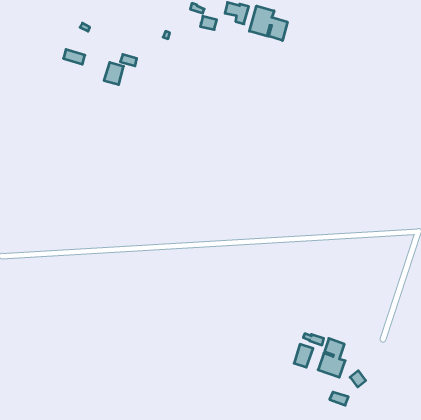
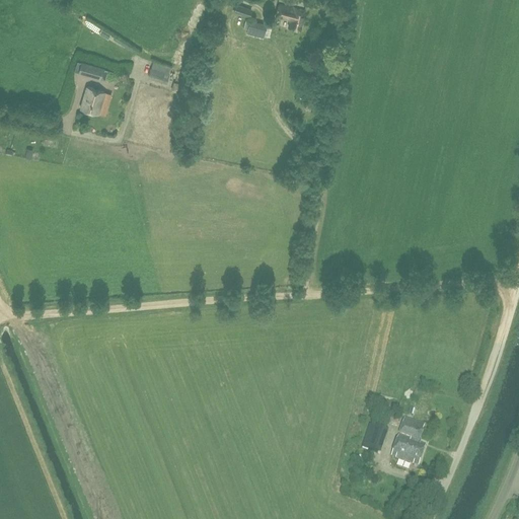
building: [249,6,287,41] -> none
building: [104,62,124,85] -> [80,86,104,114]

